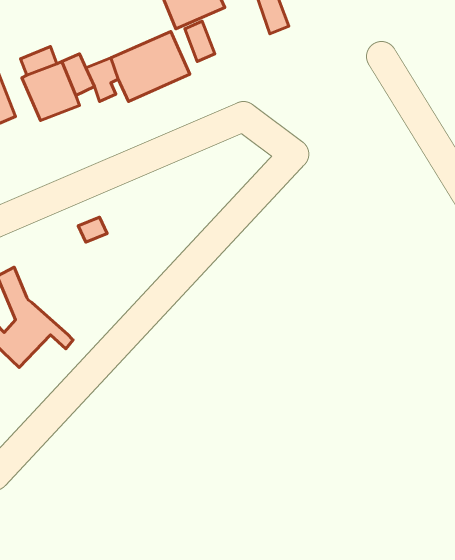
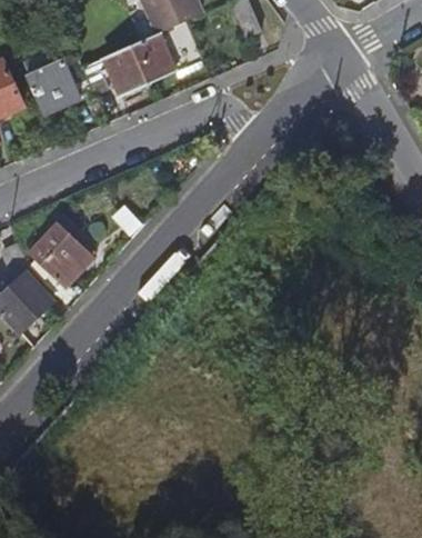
building: none -> [28,225,94,303]

